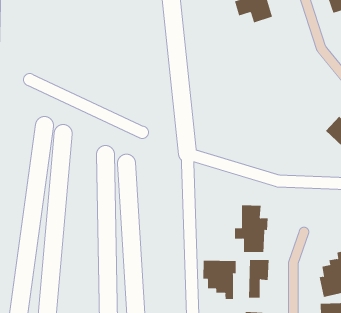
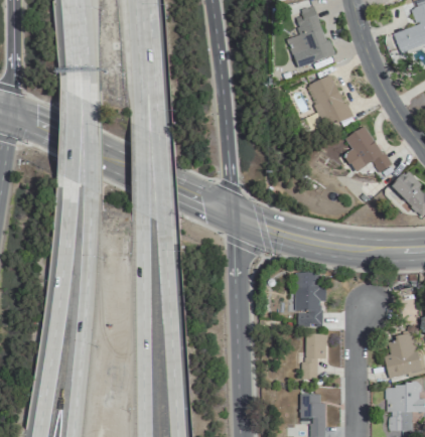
building: none -> [308,75,351,130]
building: none -> [343,125,391,173]
building: [203,260,236,300] -> none

